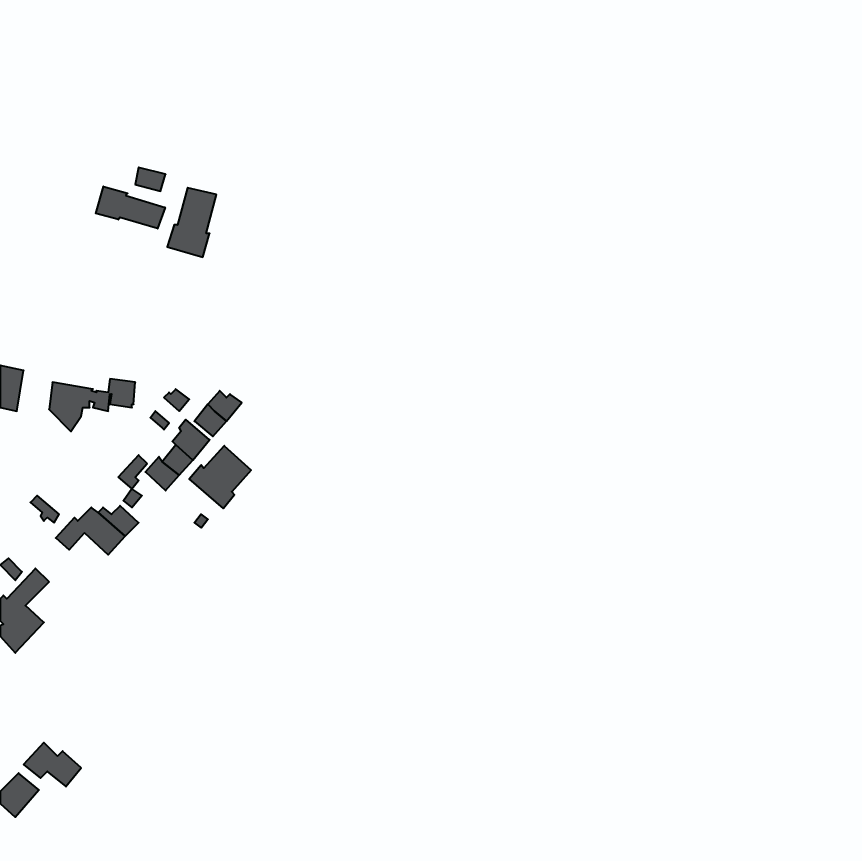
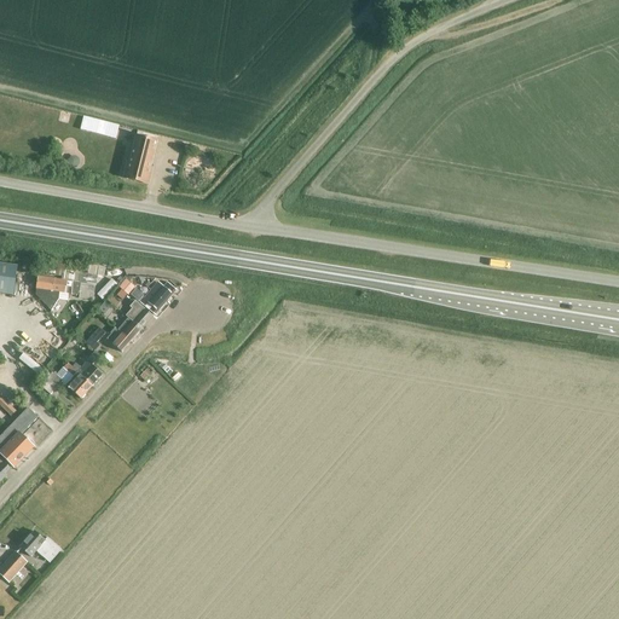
building: [96,186,165,229] -> none
building: [189,446,251,508] -> none

